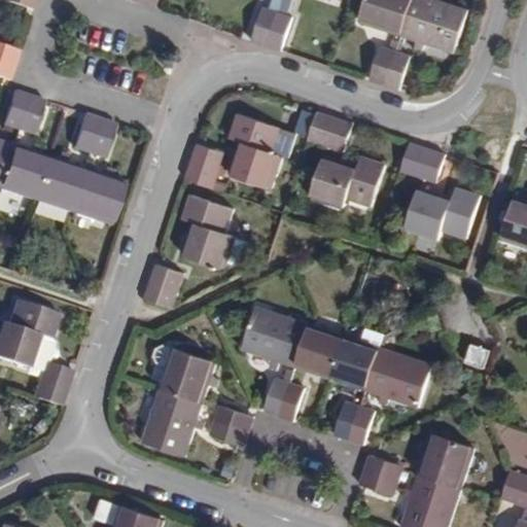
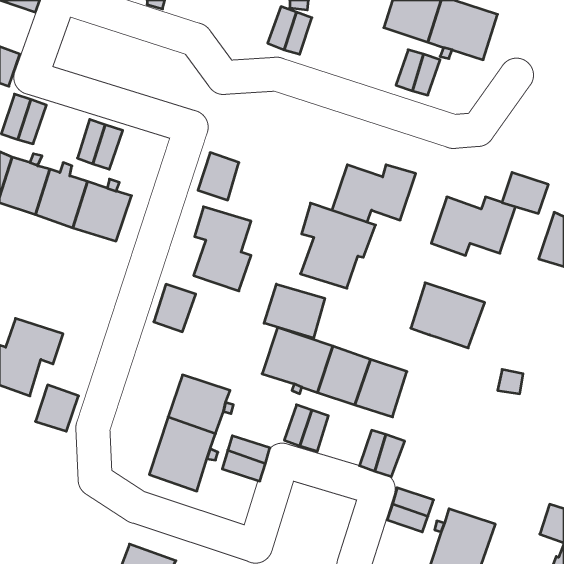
building: [229,105,298,184] -> [300,203,376,288]
building: [307,109,350,148] -> none
building: [400,140,444,178] -> [502,172,548,213]
building: none -> [264,284,325,338]
building: [365,347,434,408] -> [411,283,485,348]
building: [418,433,475,489] -> none

